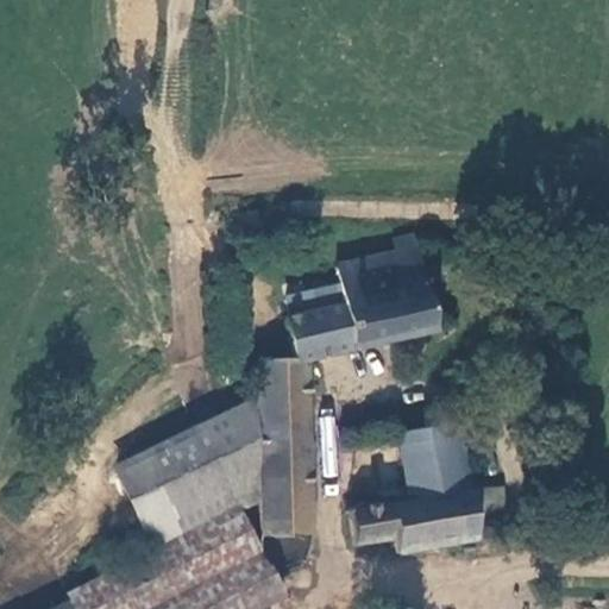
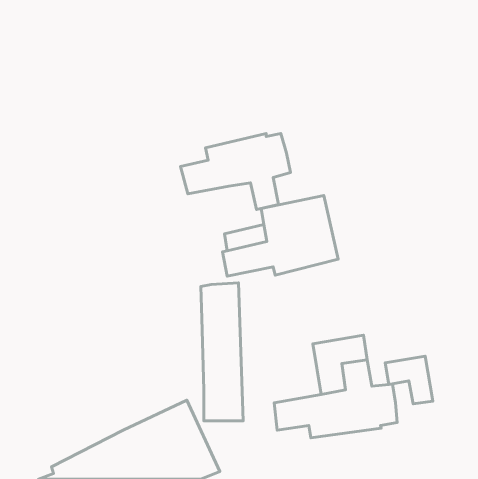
building: none -> [181,133,291,209]
building: [120,403,260,545] -> none
building: none -> [385,356,433,404]

